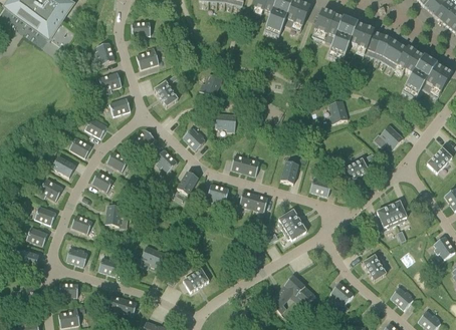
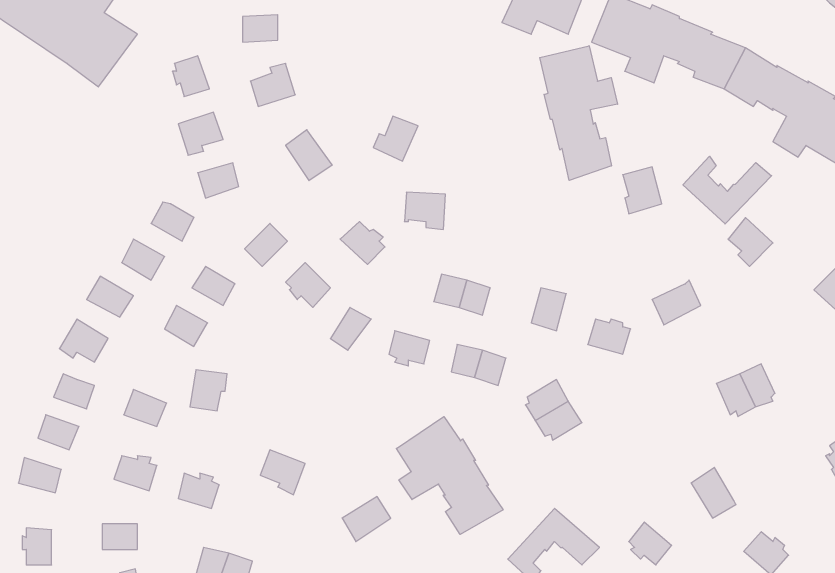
building: none -> [540,46,618,180]
building: none -> [683,156,772,224]
building: none -> [396,417,503,534]

